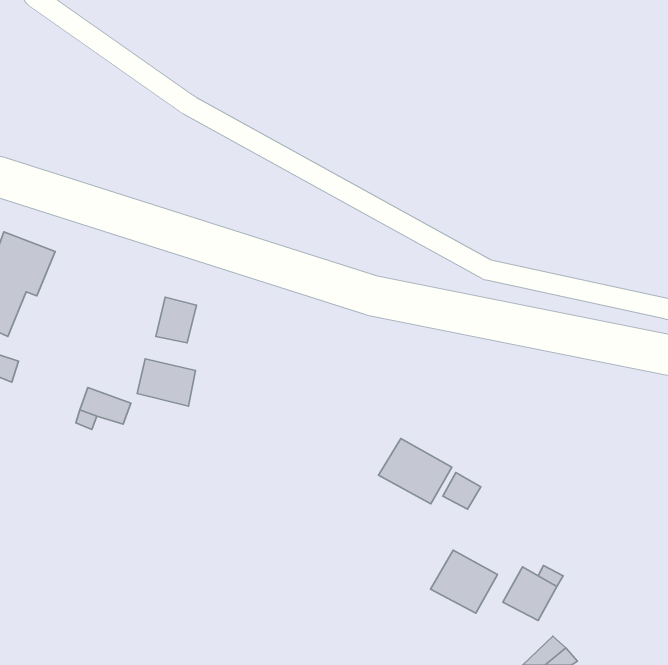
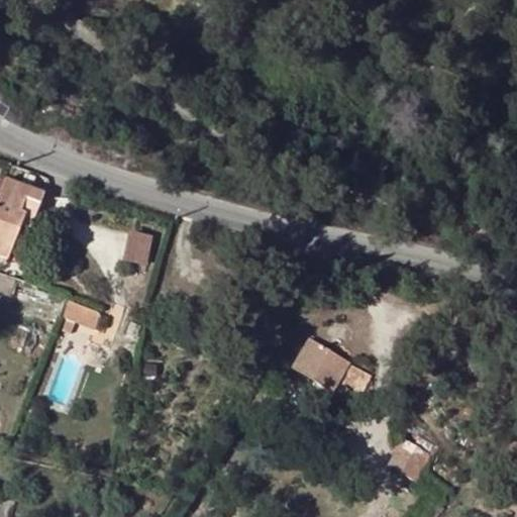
building: [137,359,195,406] -> none
building: [431,550,498,613] -> none

